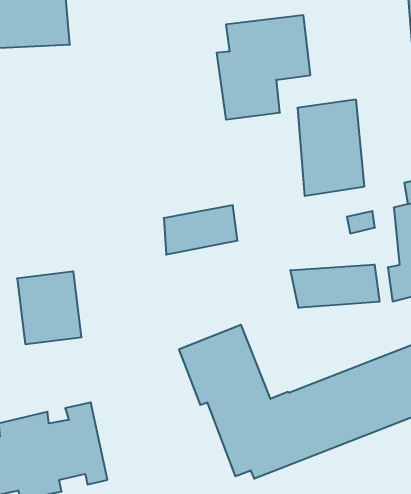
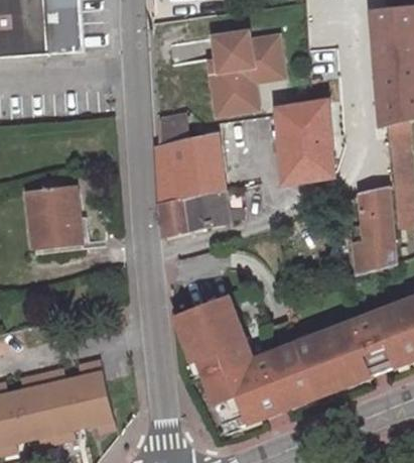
building: none -> [156,113,221,203]
building: [291,264,379,308] -> none
building: [17,271,82,344] -> [26,186,82,248]

